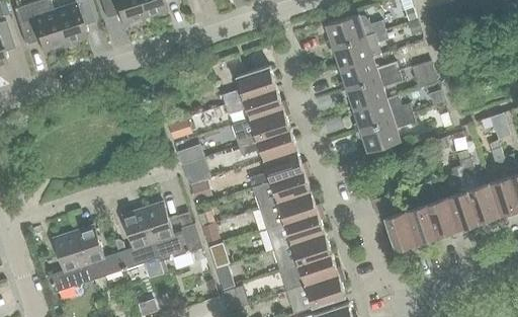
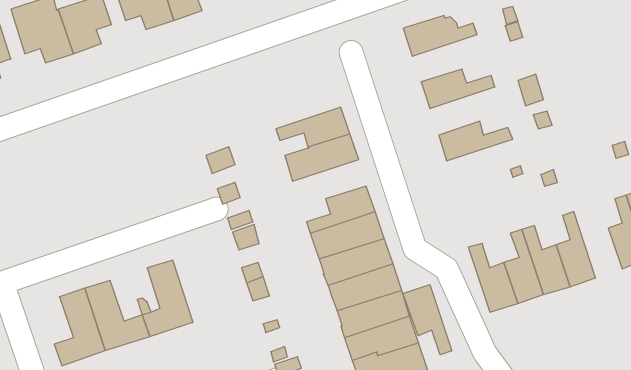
building: [333,30,387,68] -> none
building: [222,66,276,105] -> none
building: [347,72,402,110] -> none
building: [360,113,416,153] -> none
building: [238,130,296,161] -> none
building: [461,168,500,224] -> none
building: [143,203,202,262] -> none
building: none -> [403,285,452,355]

